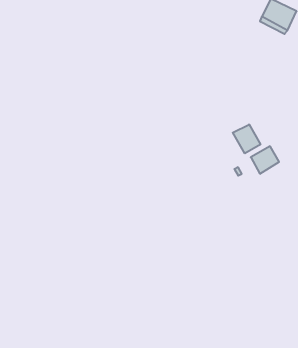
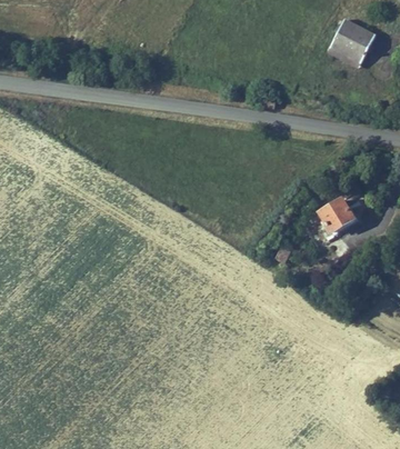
building: [233,124,260,153] -> none

